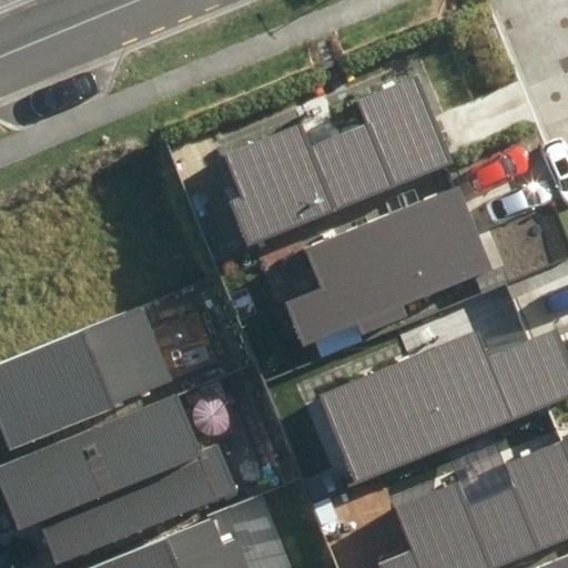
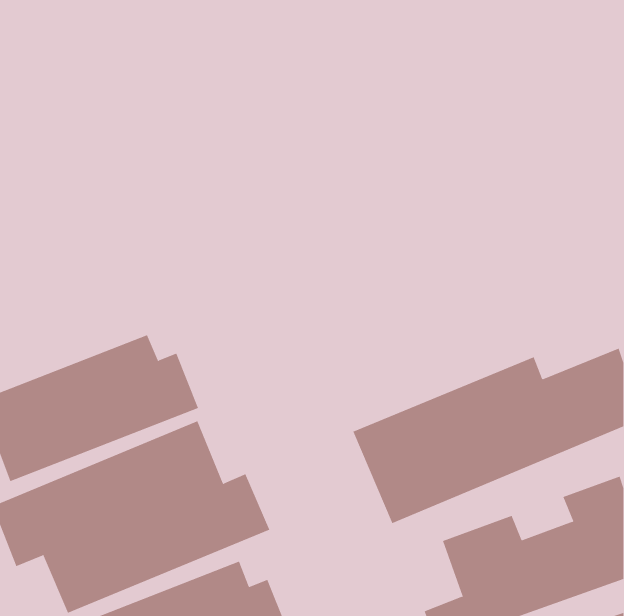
building: [225,87,447,236] -> none
building: [280,180,490,348] -> none

